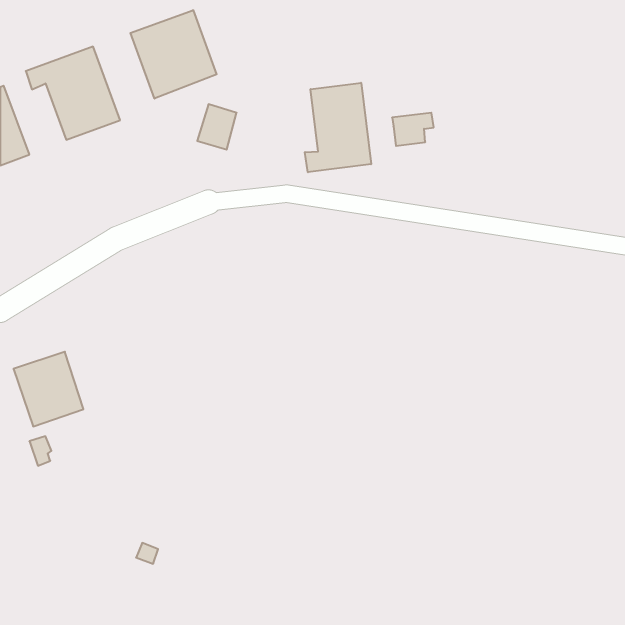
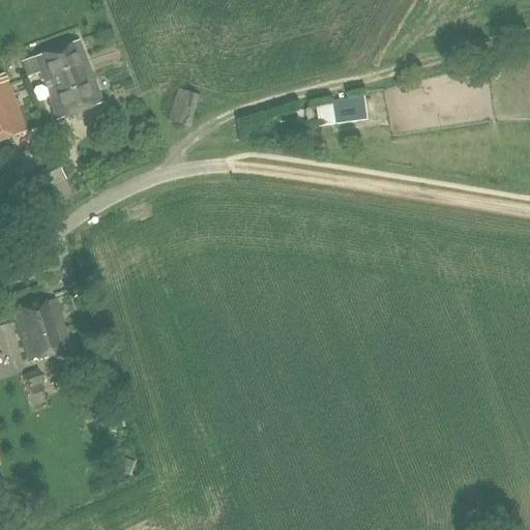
building: [130,10,217,99] -> none
building: [305,83,371,172] -> none

